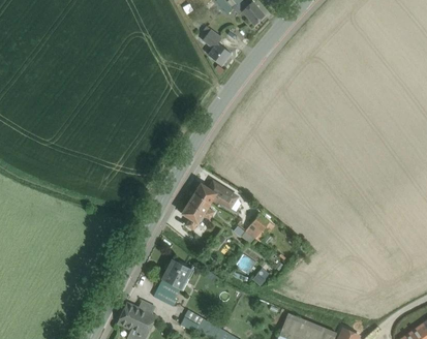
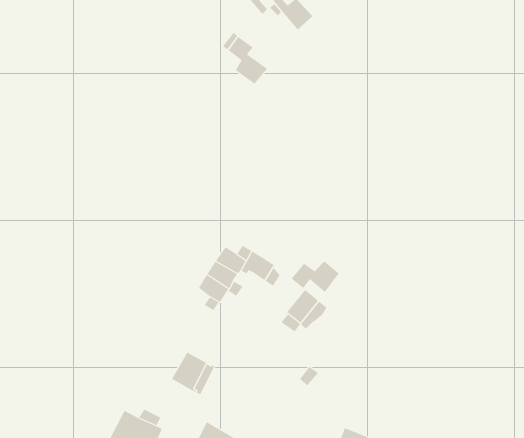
building: none -> [291,261,340,293]
building: [154,279,179,307] -> none

